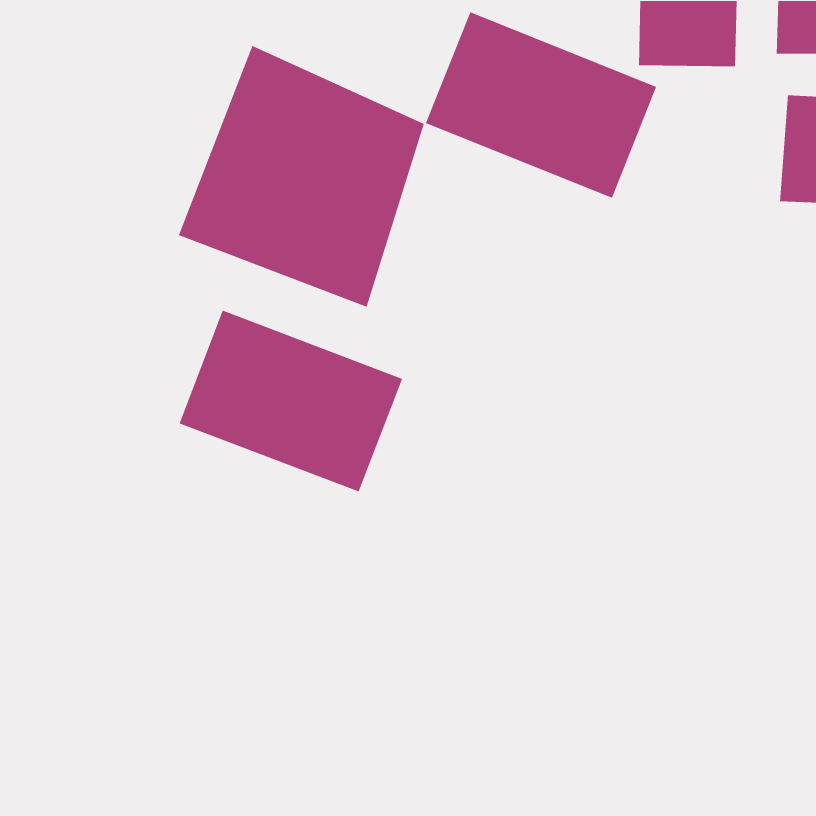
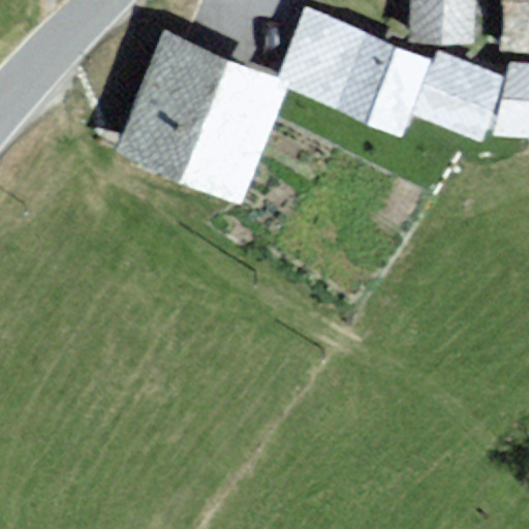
building: none -> [413,46,505,136]
building: [178,309,403,493] -> none

